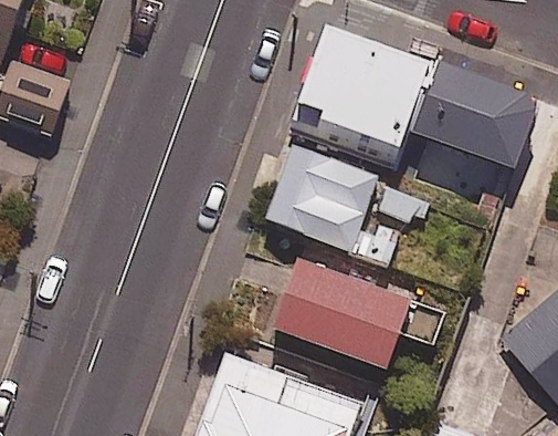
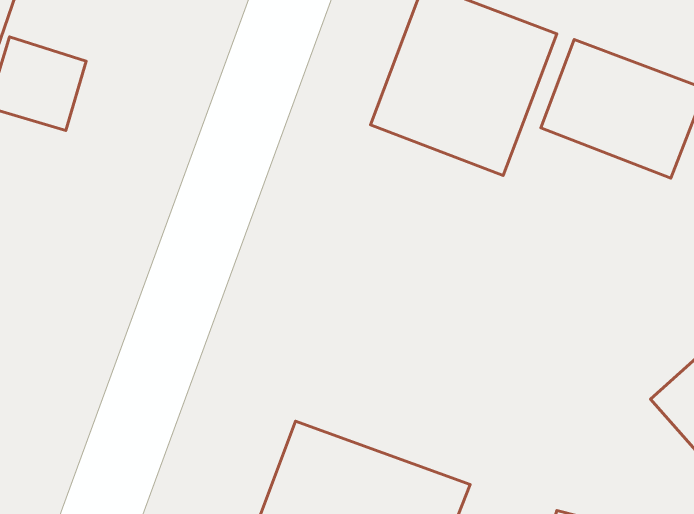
building: [263,142,398,266] -> none
building: [277,260,443,367] -> none

